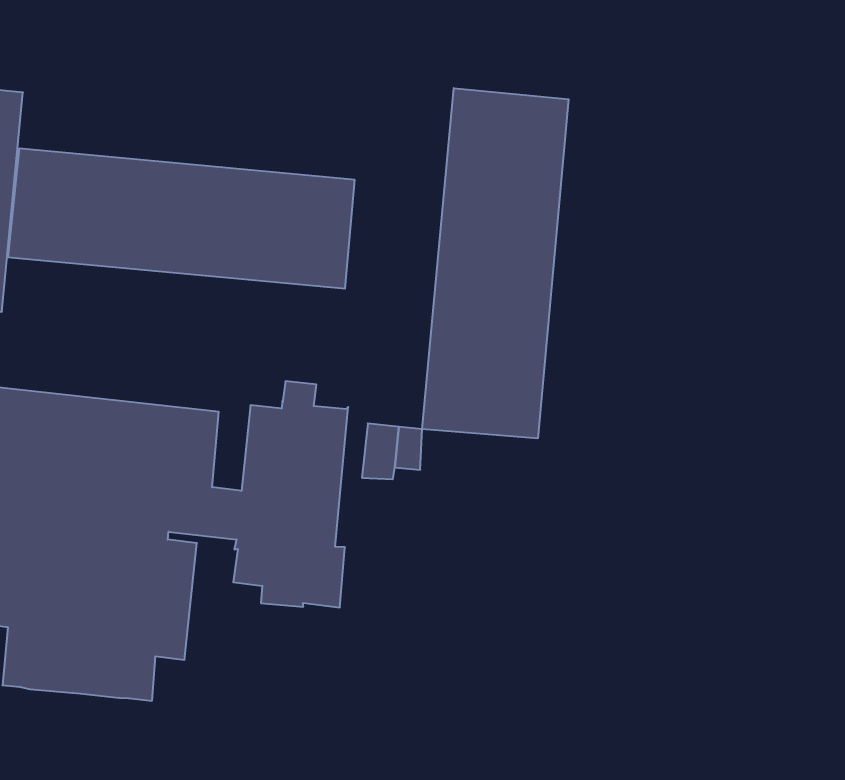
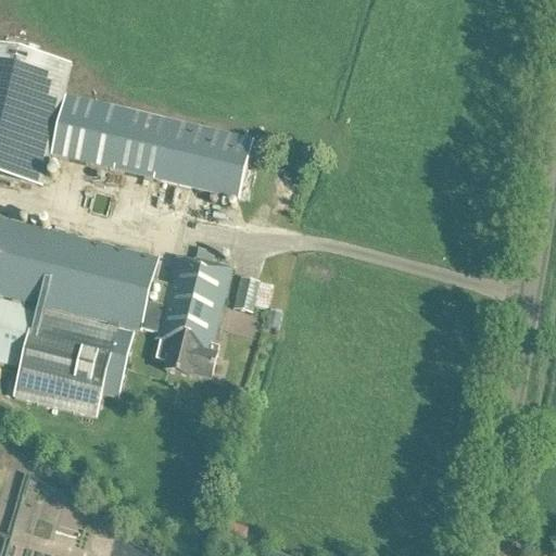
building: [422,88,569,438] -> none

